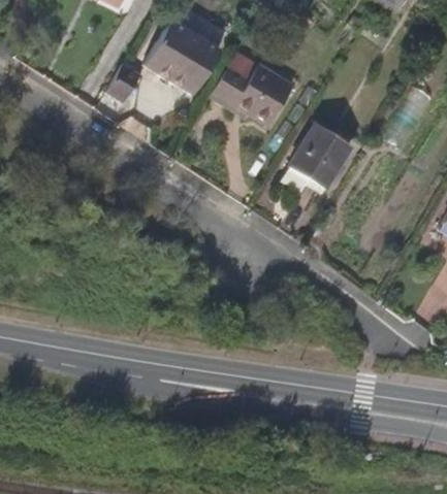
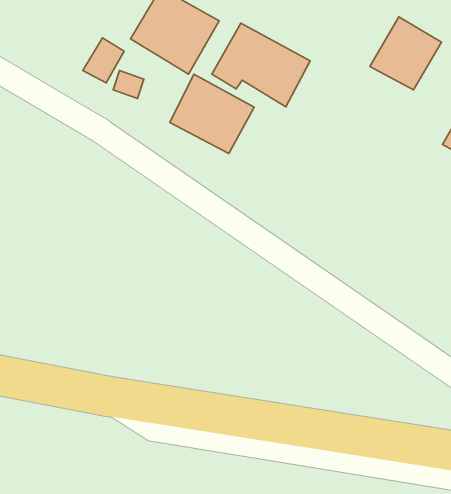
building: none -> [170,74,254,154]
building: [284,120,345,182] -> [370,17,441,90]

